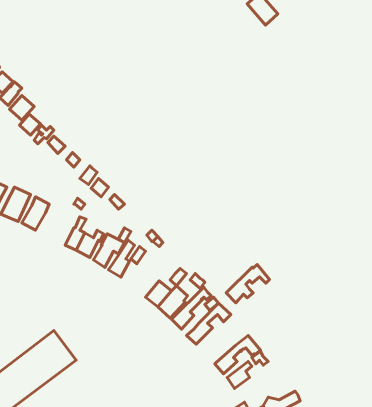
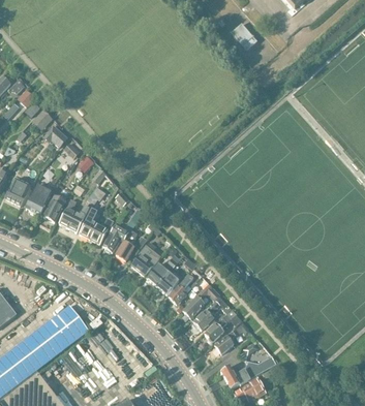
building: none -> [58,198,88,232]
building: none -> [131,245,159,275]
building: [226,265,269,303] -> [191,296,227,329]

